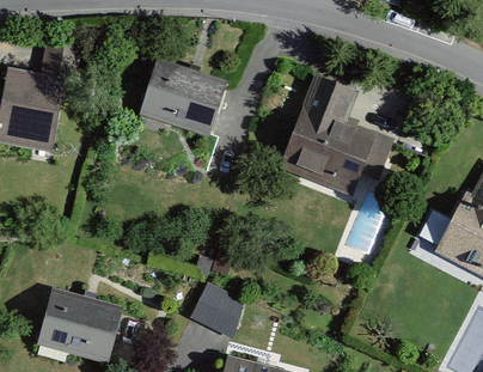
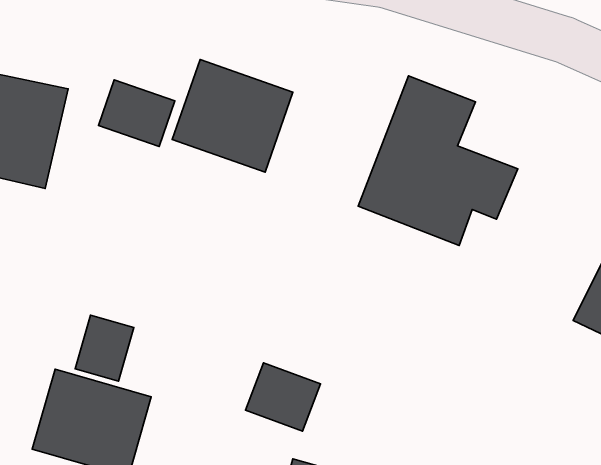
building: none -> [98,80,175,147]
building: none -> [75,315,134,381]

